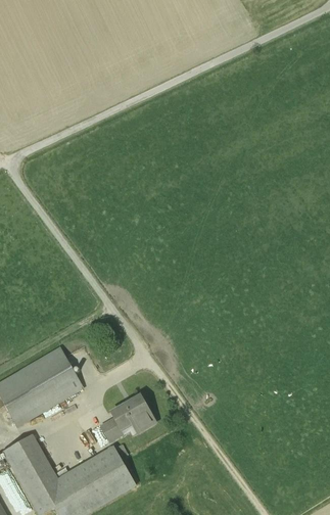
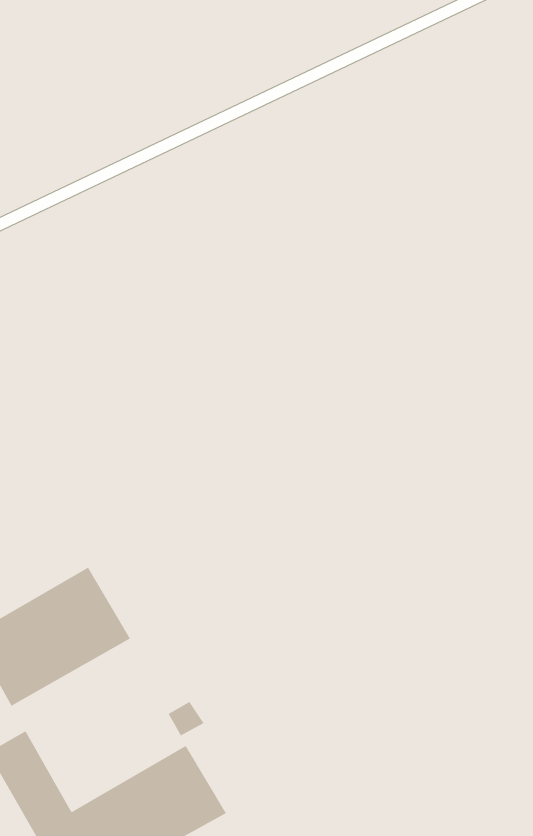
building: [112,397,155,431] -> none

